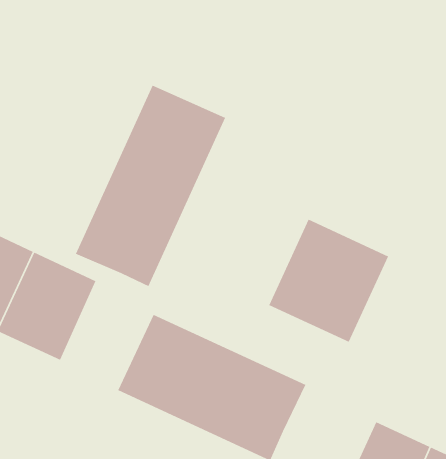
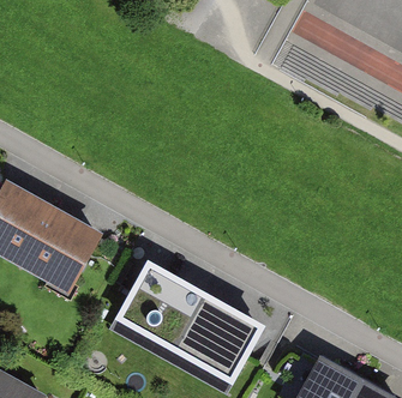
building: [75,85,226,287] -> none
building: [268,219,389,343] -> none

